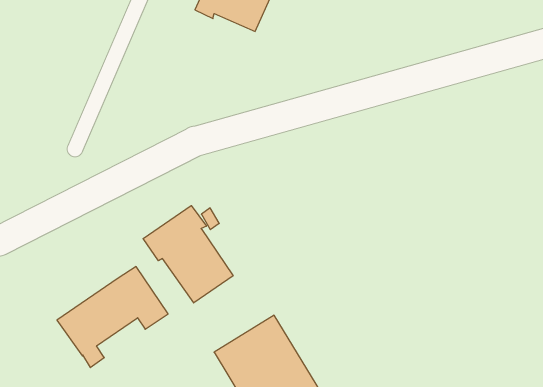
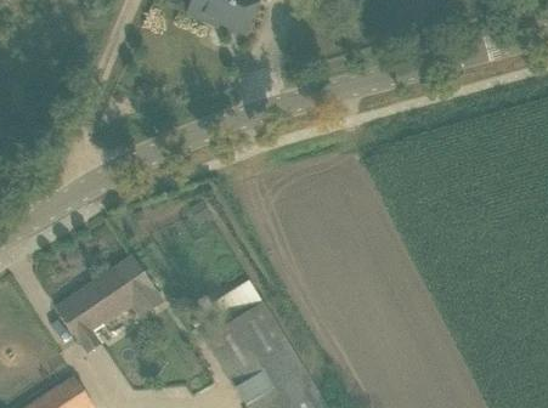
building: [143,206,233,303] -> none

